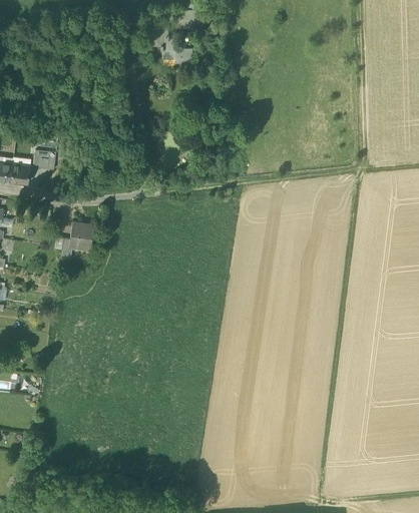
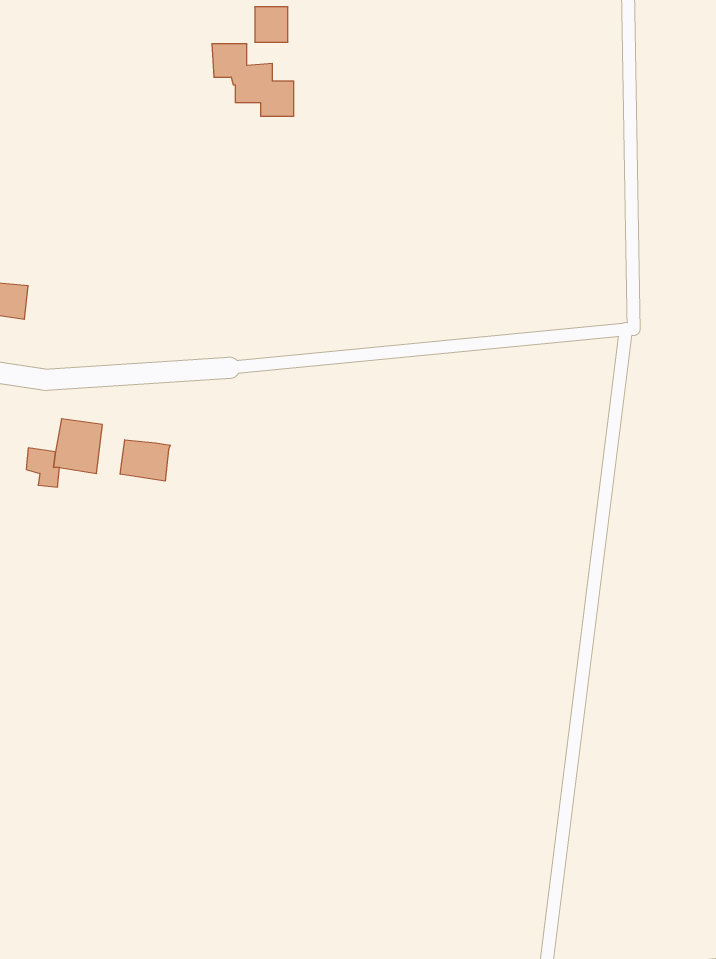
building: none -> [120,440,170,481]

